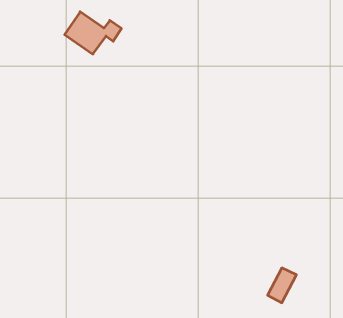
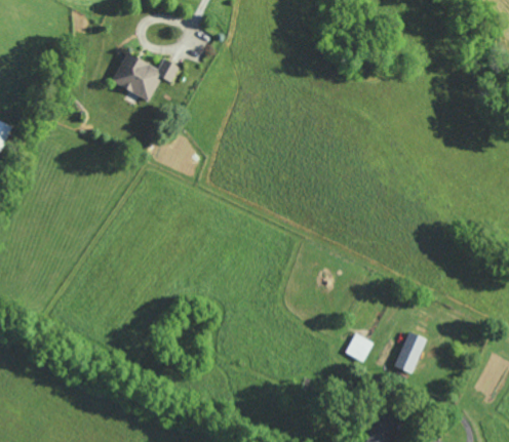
building: none -> [346,334,374,362]

